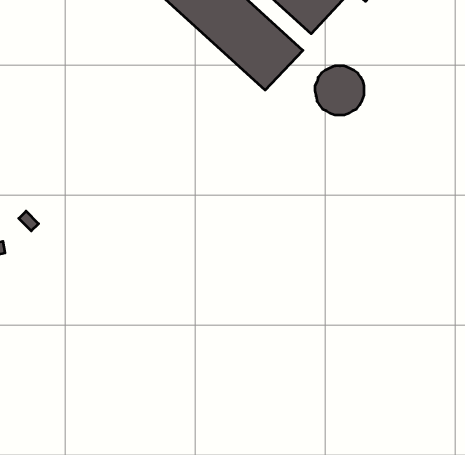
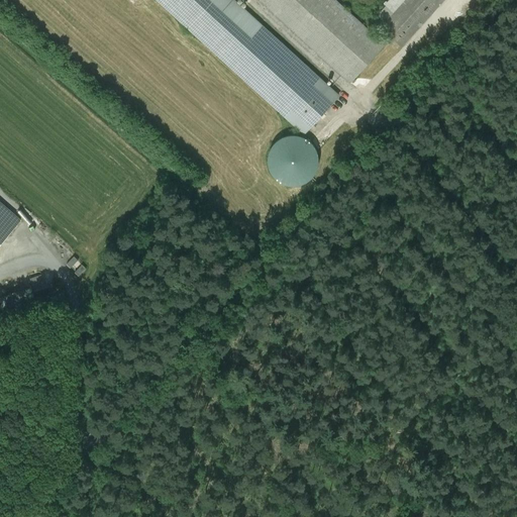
building: [315,66,364,115] -> [269,133,316,181]

